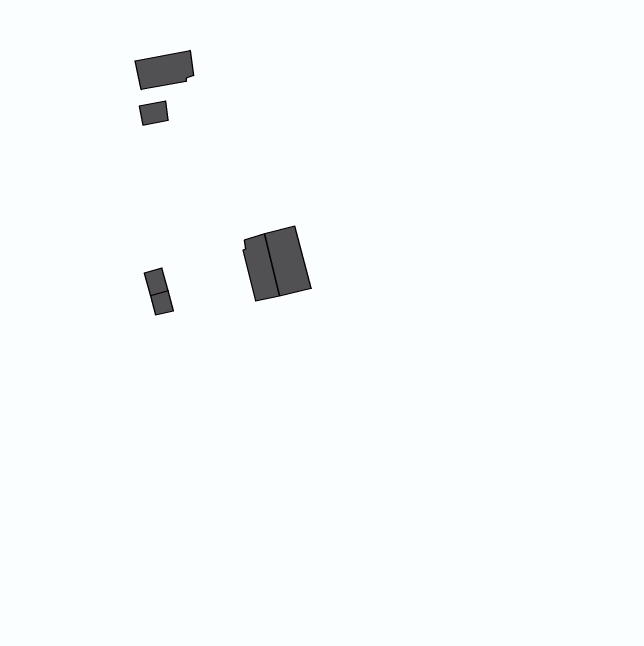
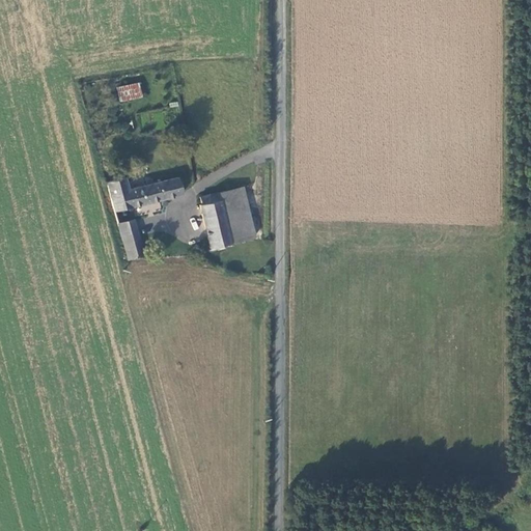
building: [135,50,194,90] -> none
building: none -> [109,177,183,211]

